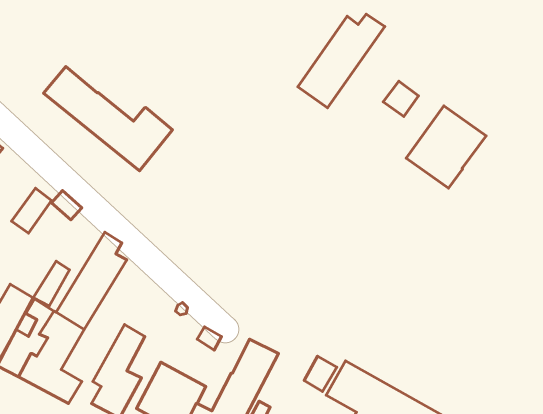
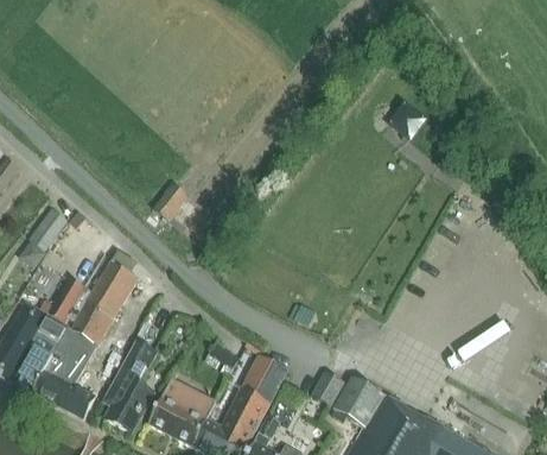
building: [298,14,385,108] -> none
building: [44,67,173,171] -> none
building: [406,106,486,188] -> none
building: none -> [151,183,187,221]

